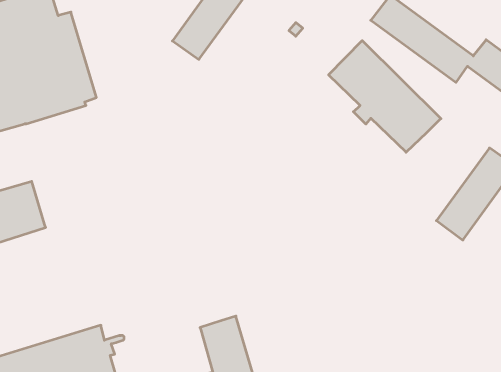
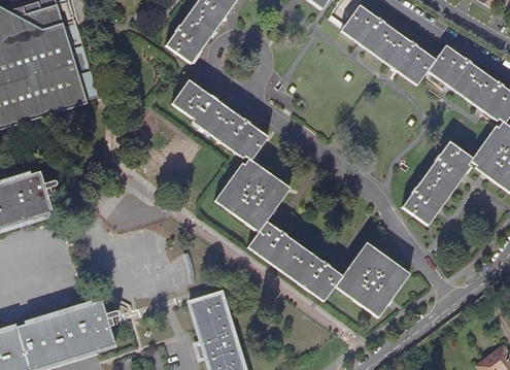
building: [329,41,441,152] -> none
building: none -> [173,81,407,315]

